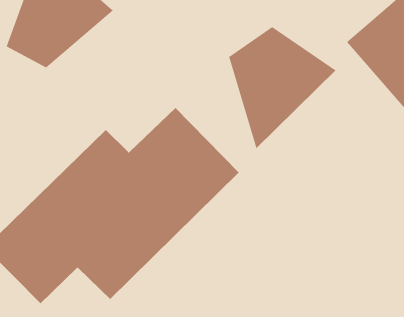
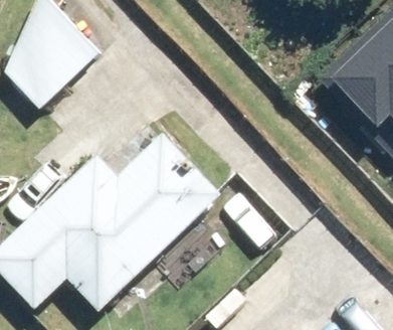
building: [228,26,336,149] -> none

